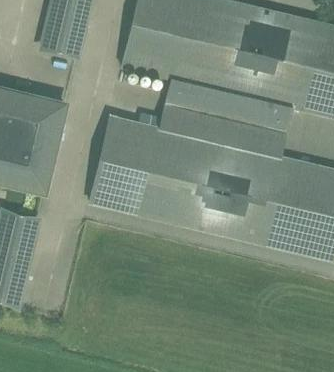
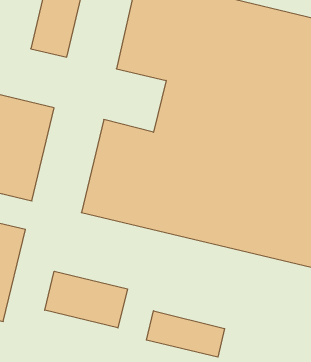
building: none -> [45,271,127,328]
building: none -> [146,311,225,357]

